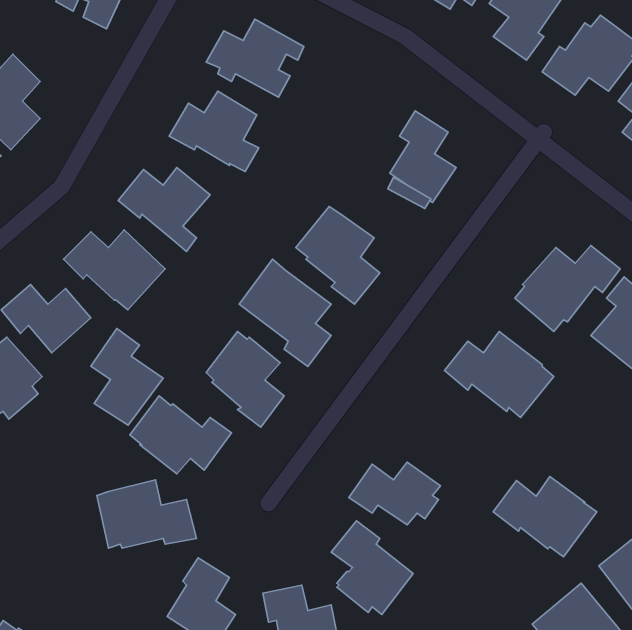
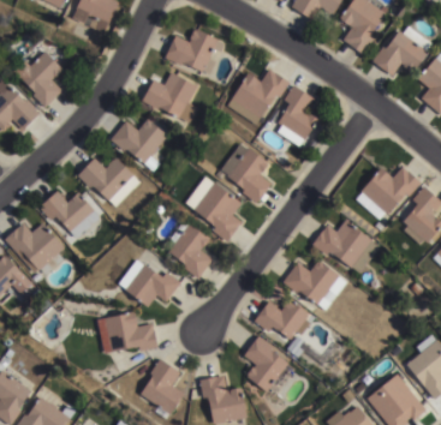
building: none -> [228,70,290,124]
building: [91,328,163,425] -> none
building: [493,477,597,557] -> [282,261,346,310]

